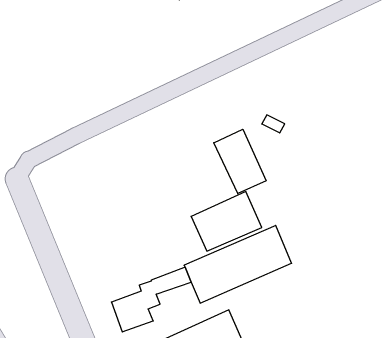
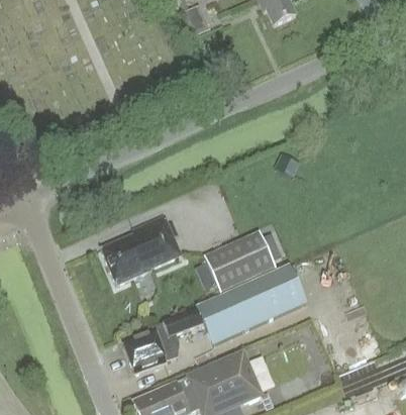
building: [214,129,266,194] -> none
building: none -> [101,214,182,284]

